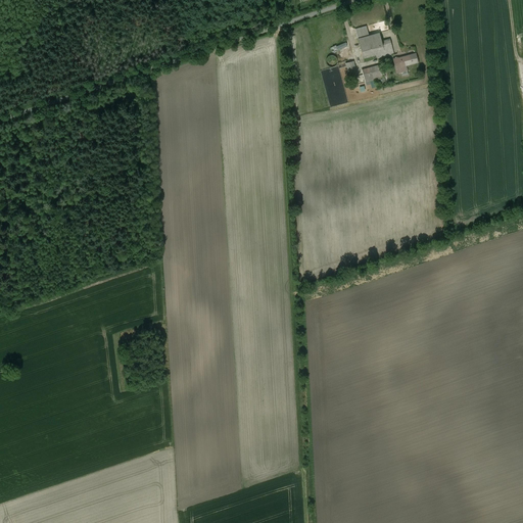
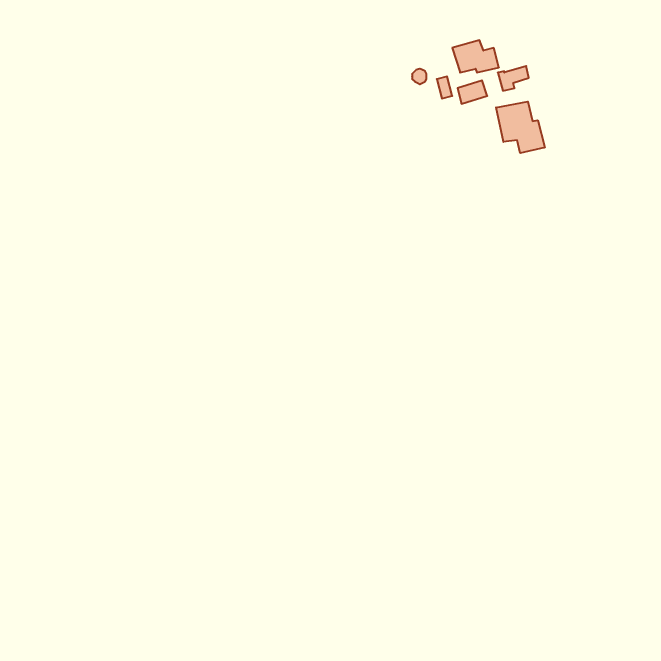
building: none -> [496,102,545,153]

